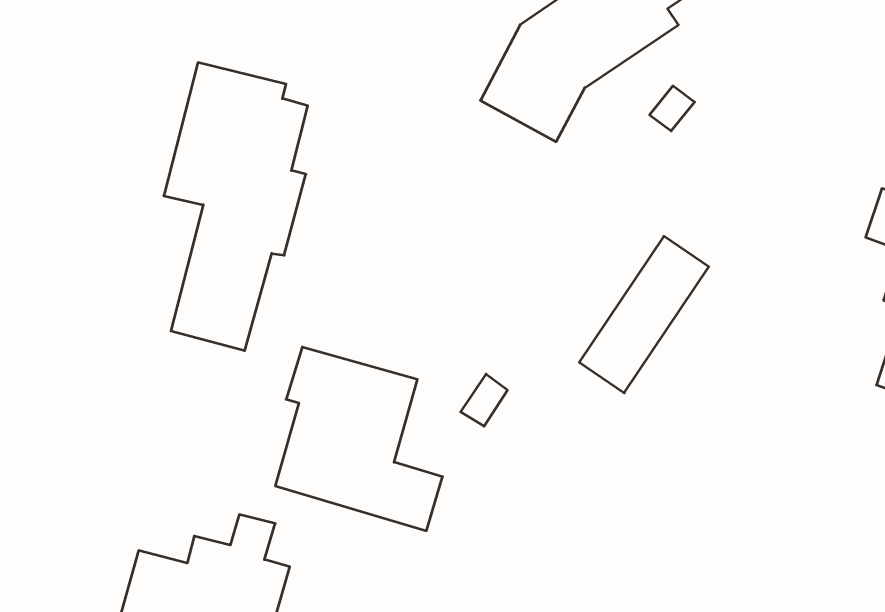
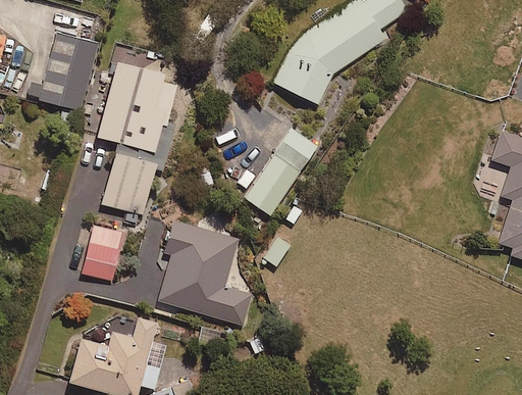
building: none -> [27,32,100,111]
building: [579,236,709,393] -> [245,127,318,215]
building: none -> [82,226,124,282]

